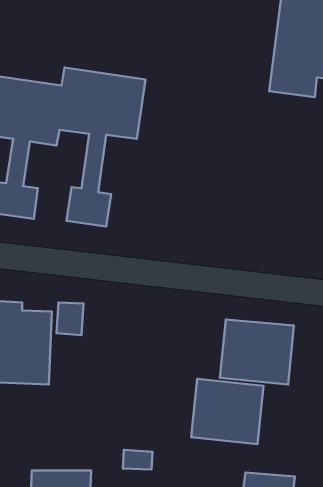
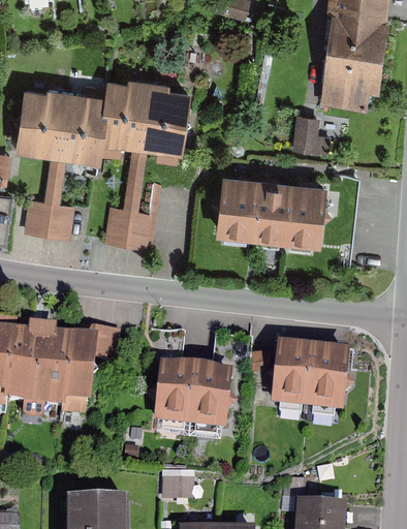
building: none -> [298,116,333,154]
building: none -> [215,173,323,246]
building: [191,379,263,444] -> [152,363,227,431]

